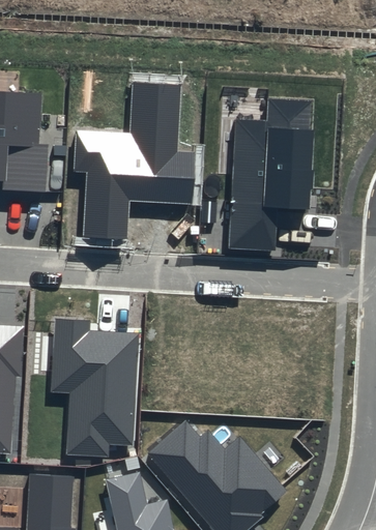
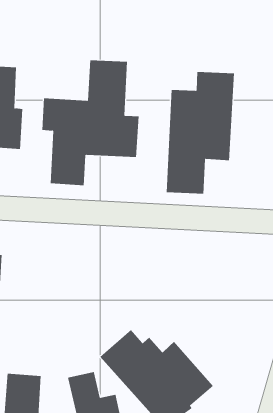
building: [51,319,138,455] -> none

